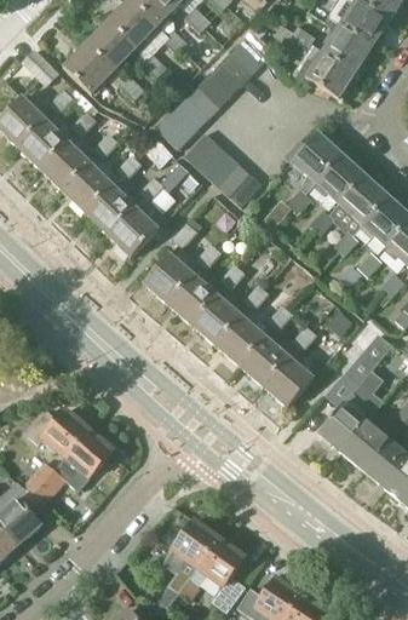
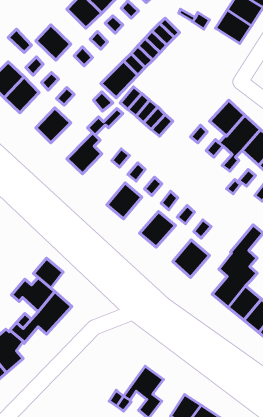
building: [84,19,134,70] -> none
building: [304,47,357,98] -> none
building: [291,131,341,182] -> none
building: [39,140,90,191] -> none
building: [84,154,140,236] -> none
building: [138,249,191,303] -> none
building: [189,292,240,344] -> none
building: [236,333,287,385] -> none
building: none -> [33,258,63,288]
building: [173,519,220,567] -> none

